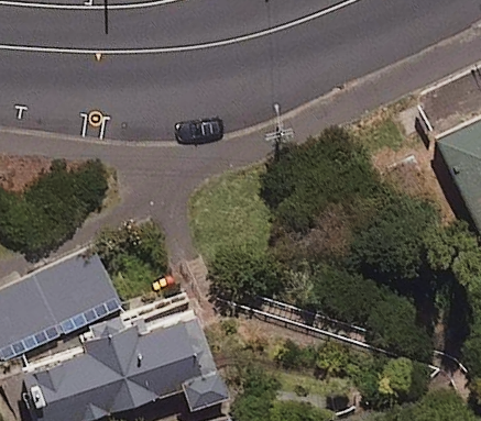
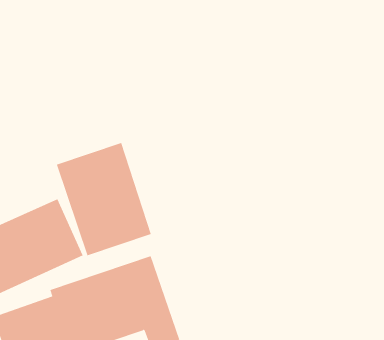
building: none -> [56,142,152,256]

